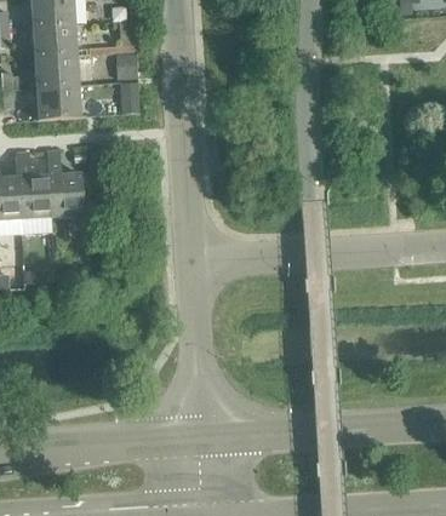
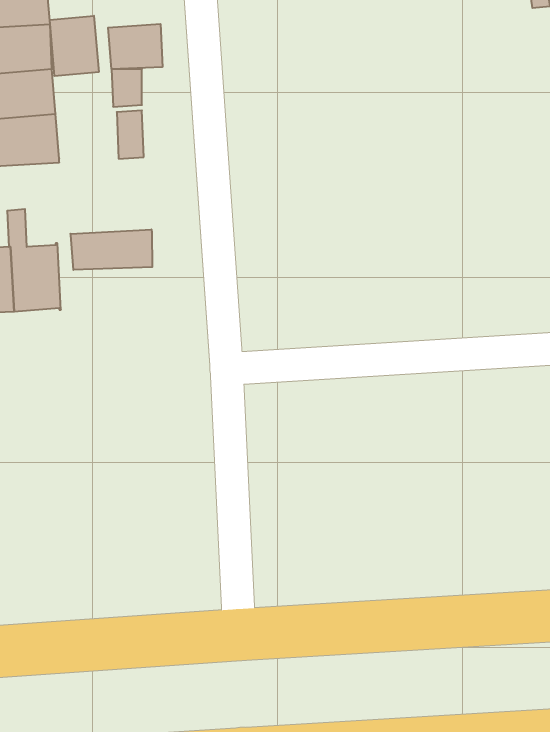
building: none -> [50,16,99,76]
building: none -> [108,24,162,69]
building: none -> [70,229,152,270]

